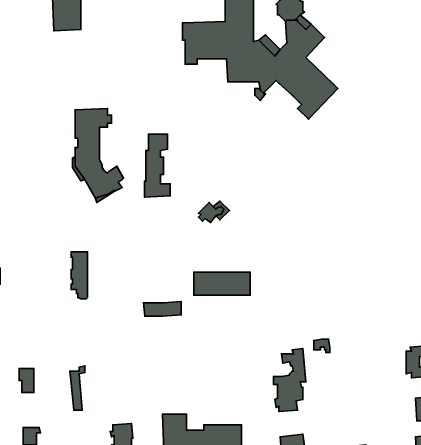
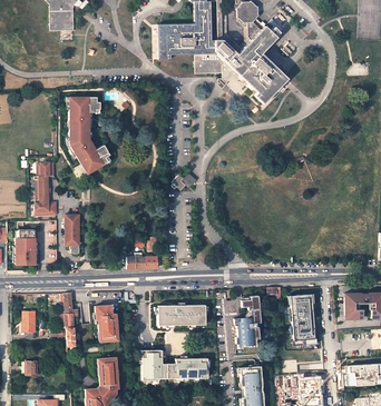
building: [145,134,170,197] -> [36,164,57,216]
building: none -> [16,229,35,264]
building: [194,272,250,295] -> [158,305,205,324]
building: none -> [289,294,316,346]
building: none -> [92,305,116,341]

